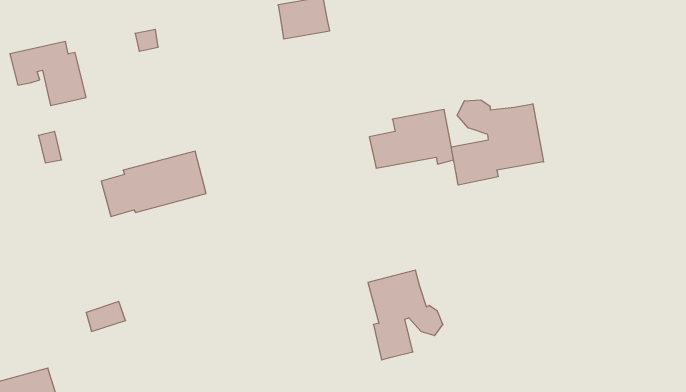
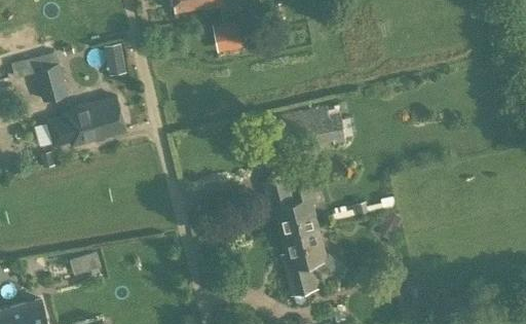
building: [451,100,544,185] -> none
building: [101,151,206,217] -> [46,99,125,148]
building: none -> [263,179,316,237]

